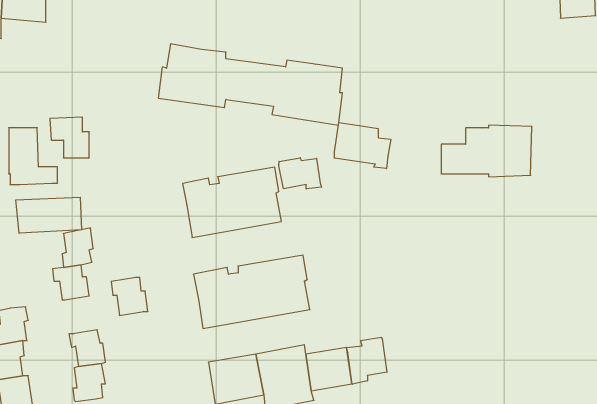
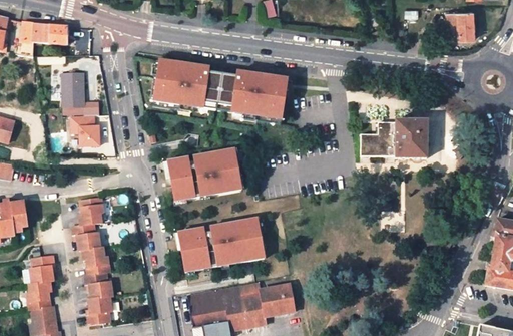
building: [334,123,391,169] -> none
building: [9,128,57,185] -> [62,73,98,115]
building: [279,158,322,189] -> none
building: [16,197,81,233] -> none
building: [111,277,148,315] -> [81,247,108,275]
building: [346,337,387,384] -> none

